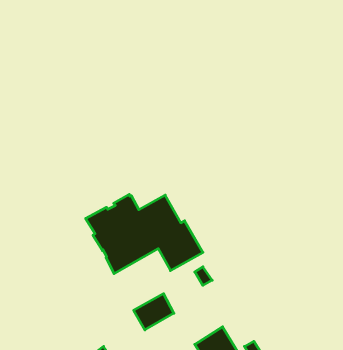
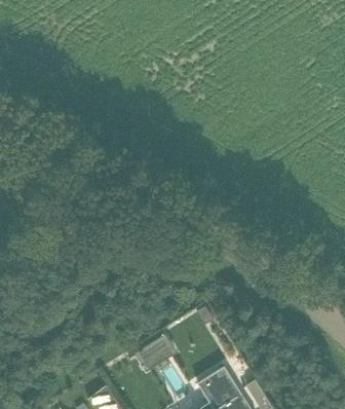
building: [86,194,203,274] -> none

